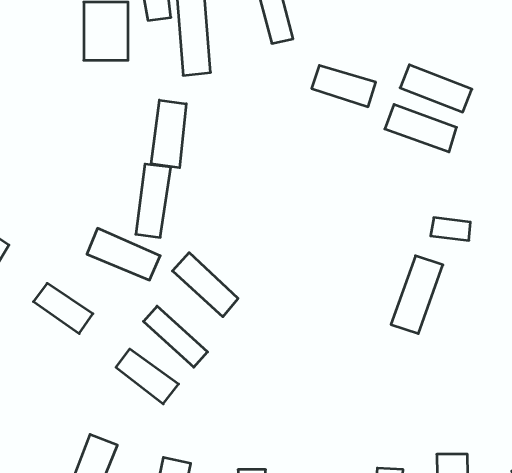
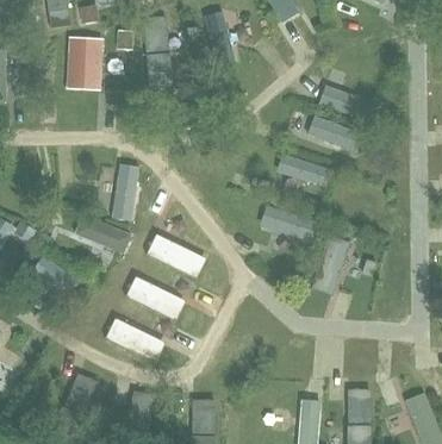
building: [312,65,376,107] -> [280,155,330,187]
building: [151,100,186,168] -> none
building: none -> [260,205,317,242]

